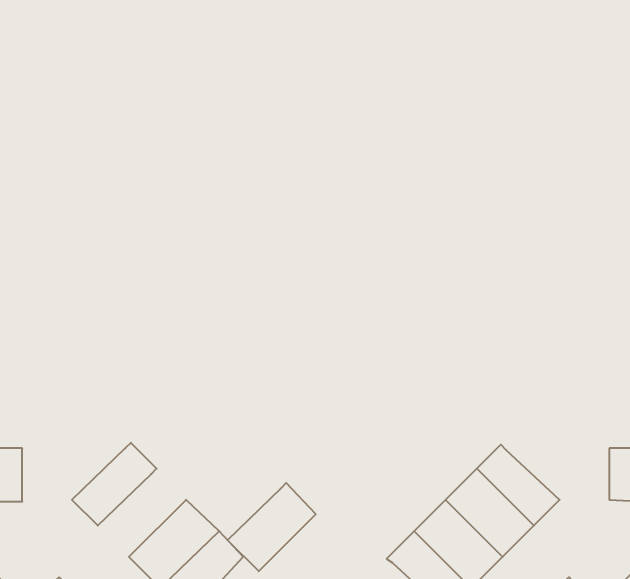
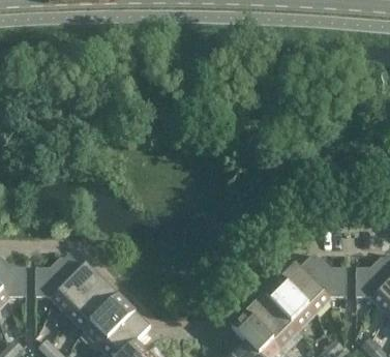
building: none -> [35,252,83,296]
building: none -> [297,252,346,296]
building: [227,483,316,571] -> [67,278,117,328]

